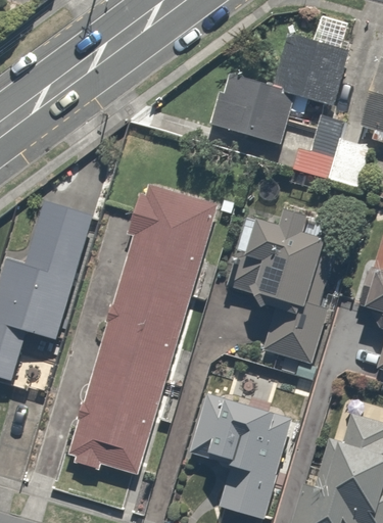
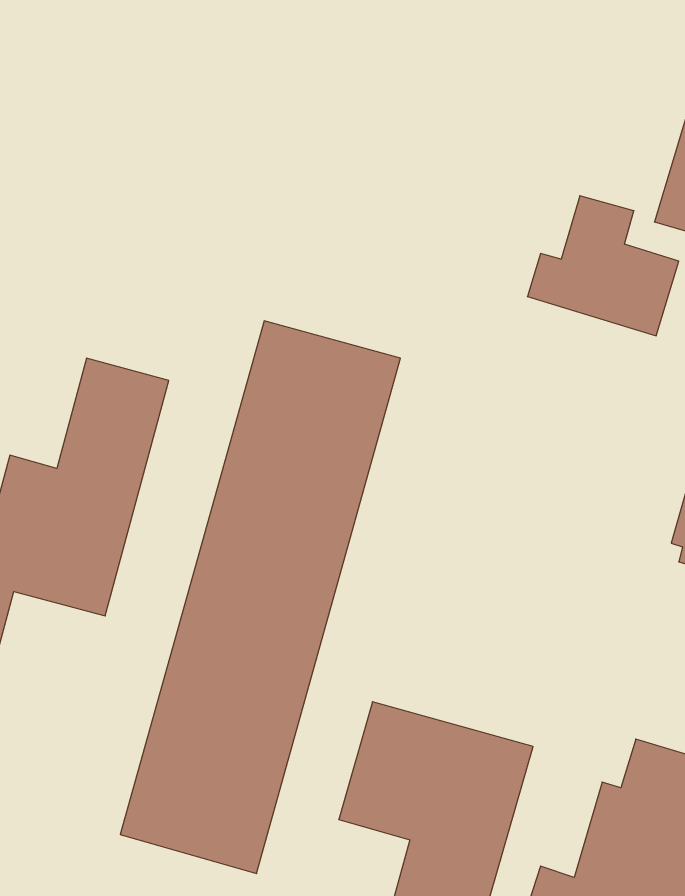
building: [211,31,357,144] -> none
building: [222,212,335,361] -> none

